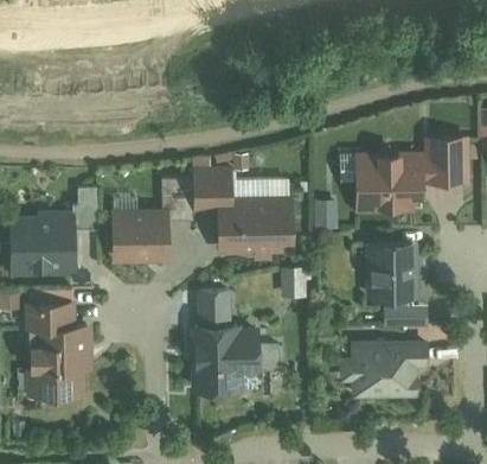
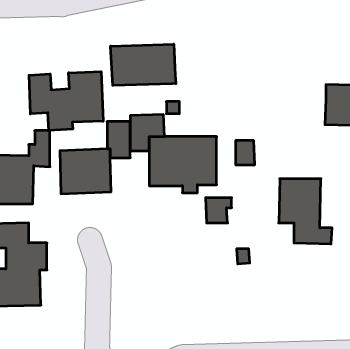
building: none -> [111,44,176,85]
building: none -> [29,72,103,131]
building: [353,152,423,211] -> none
building: [193,286,262,392] -> none
building: [339,342,428,394] -> none

